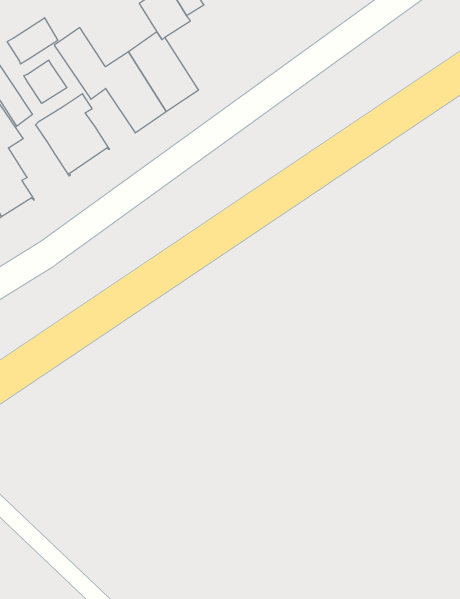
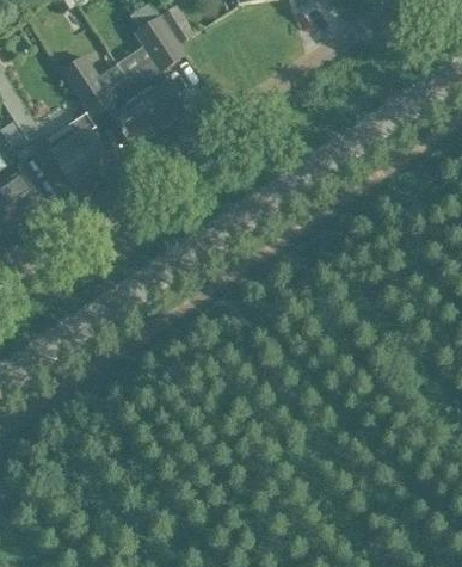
building: [7,18,58,64] -> none
building: [24,60,67,103] -> none

